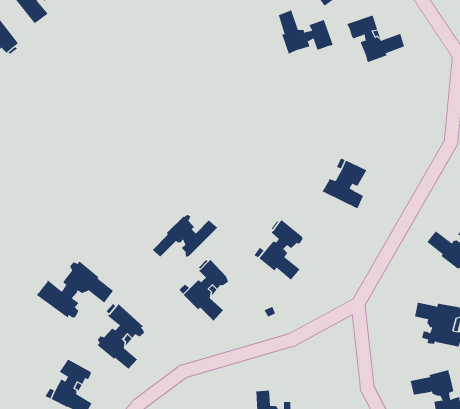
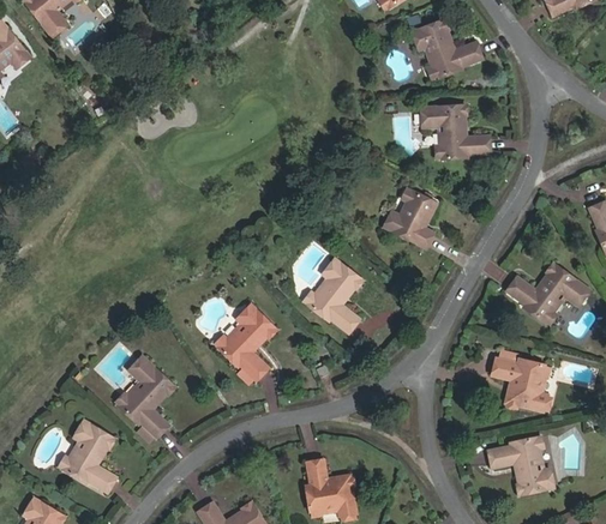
building: [278,10,334,54] -> none
building: none -> [424,106,490,159]
building: [152,214,218,258] -> none
building: [36,260,114,319] -> none

